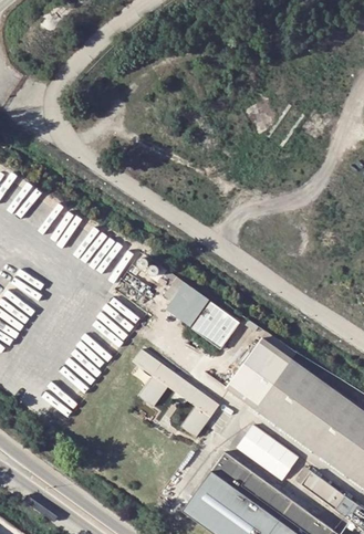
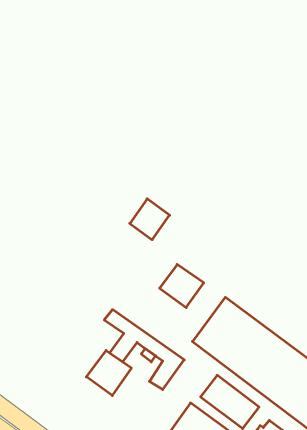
building: [166,282,209,326] -> [130,199,170,240]
building: none -> [86,350,131,396]

